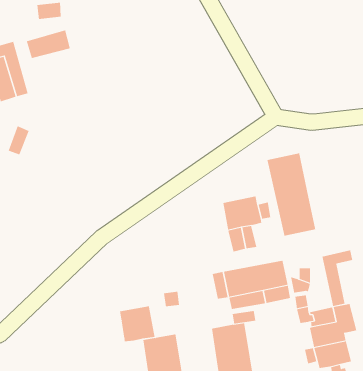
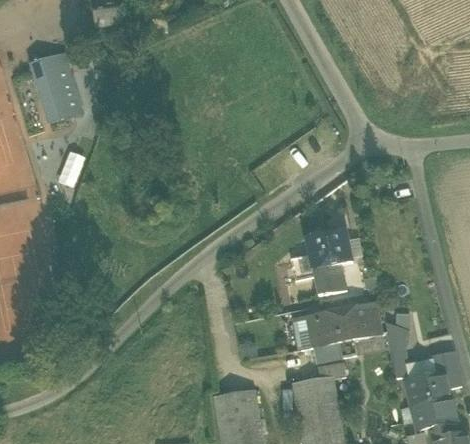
building: [26,29,70,59] -> none
building: [267,153,316,236] -> none
building: [322,249,353,307] -> none
building: [119,305,155,342] -> none

